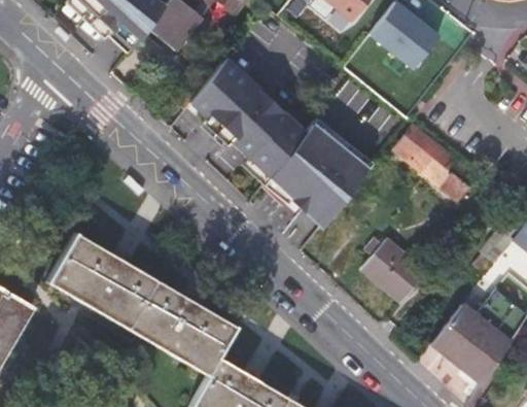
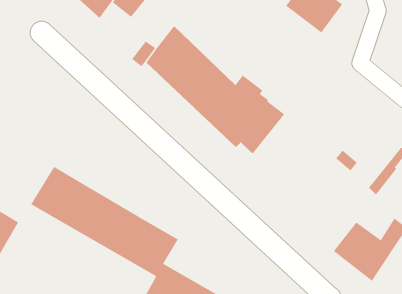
building: [394,123,478,199] -> none
building: [363,240,427,303] -> none

